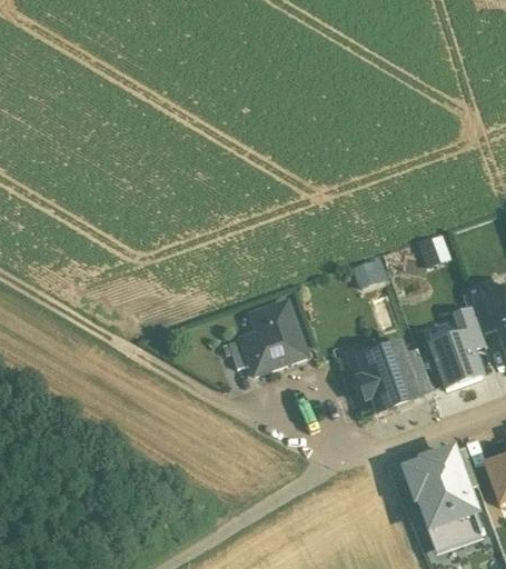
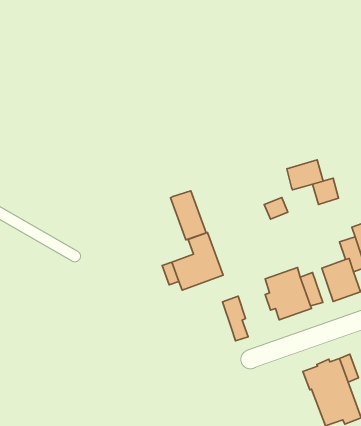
building: none -> [287,160,323,190]
building: none -> [171,191,206,240]
building: none -> [222,296,248,341]

